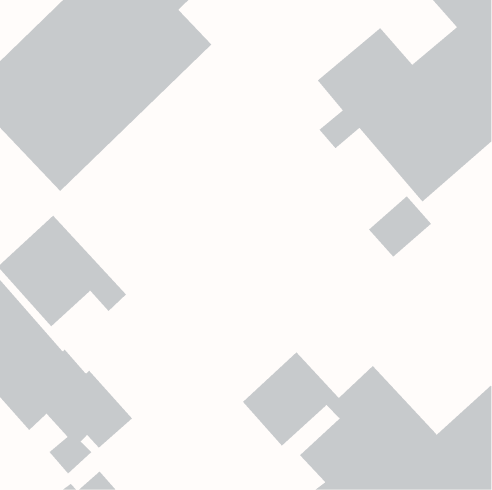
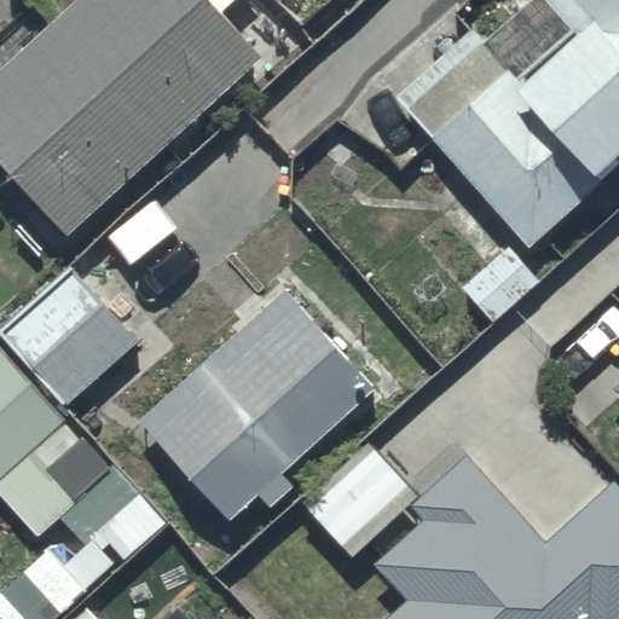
building: none -> [137,288,377,525]

